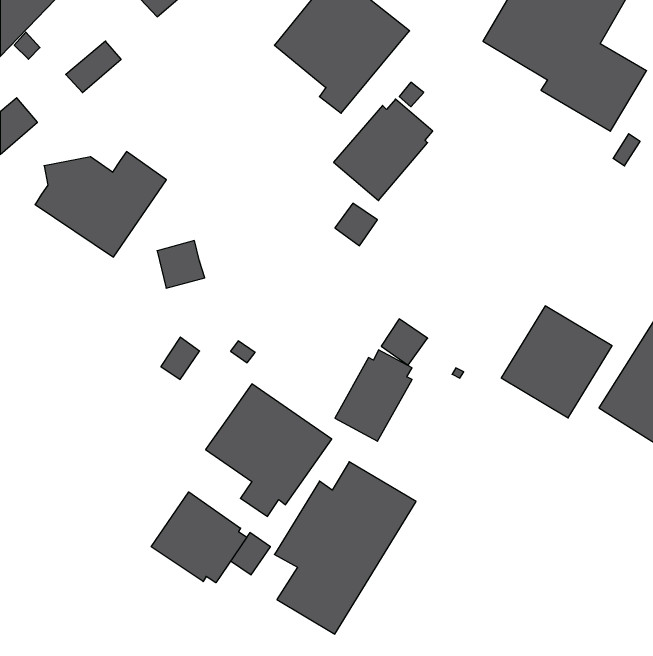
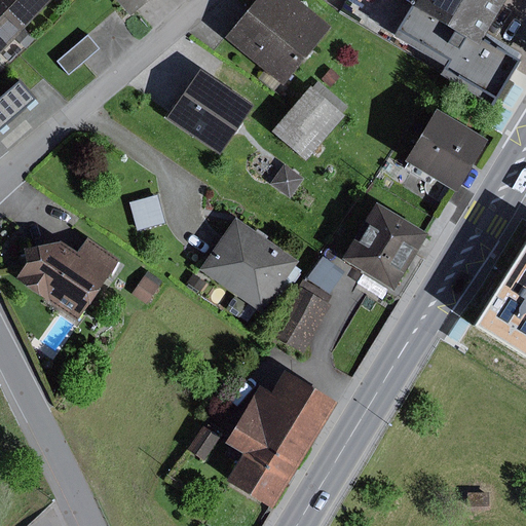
building: none -> [173,71,258,154]
building: none -> [401,106,485,190]
building: [35,152,166,257] -> [14,235,119,320]
building: [501,306,612,418] -> [340,200,428,290]
building: [206,384,332,516] -> [198,216,299,322]
building: [151,492,247,583] -> none

